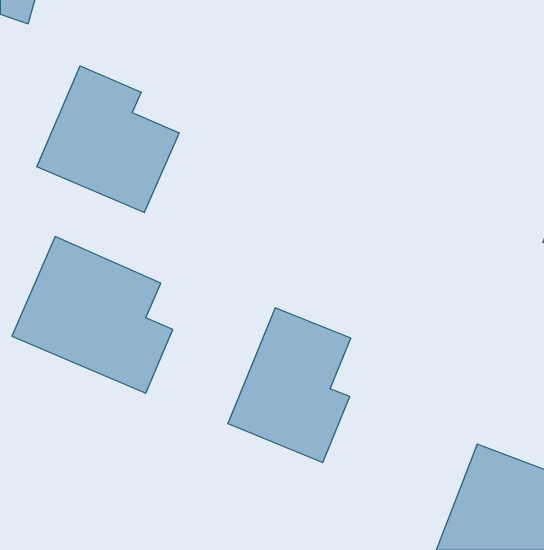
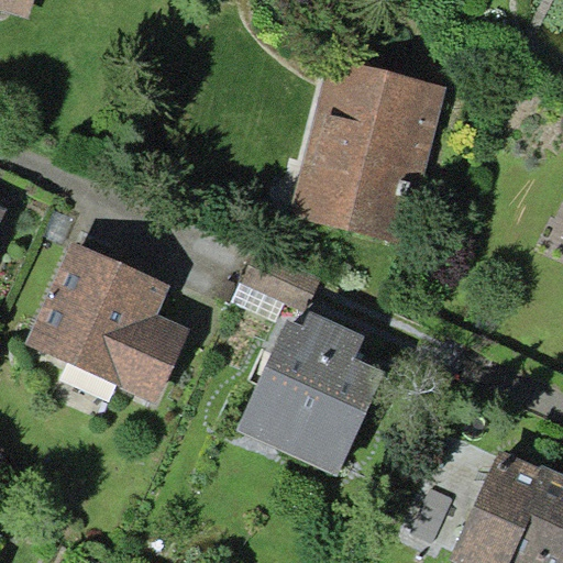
building: none -> [301,64,449,242]
building: [37,66,179,213] -> none

